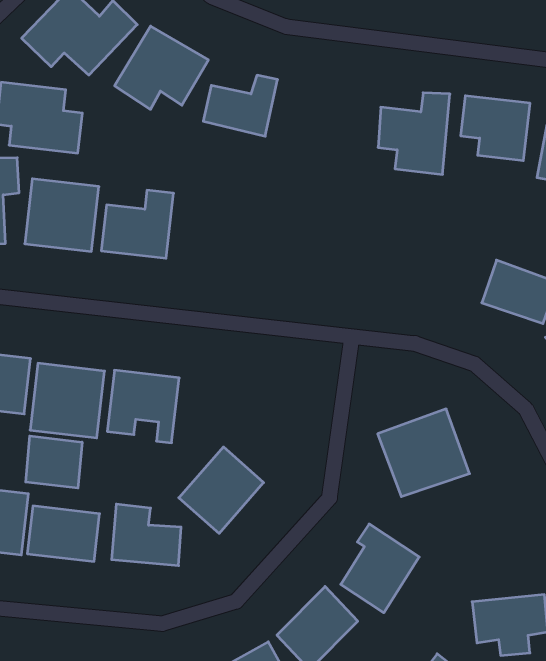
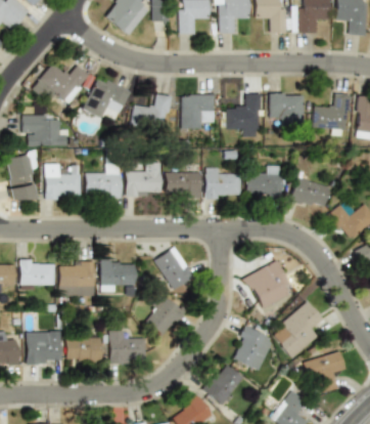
building: none -> [181,93,215,130]
building: none -> [125,163,160,197]
building: none -> [166,165,201,197]
building: none -> [205,169,241,198]
building: none -> [247,168,282,198]
building: none -> [154,249,194,291]
building: [26,436,82,488] -> none
building: none -> [271,302,322,358]

